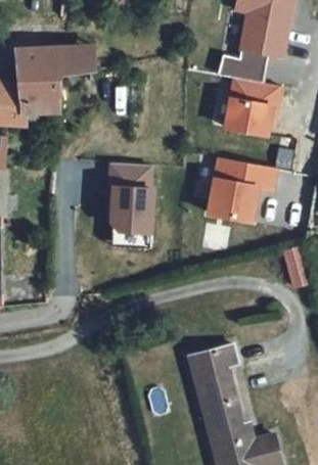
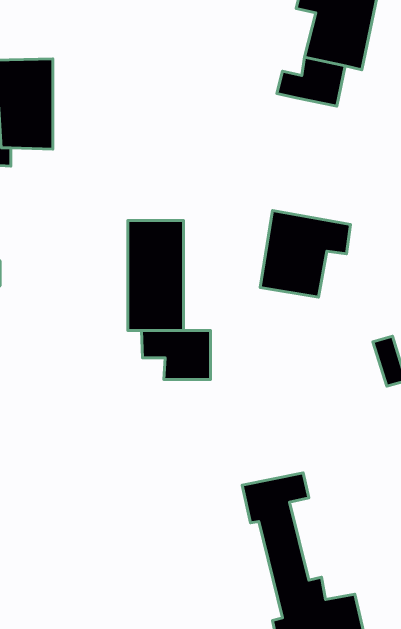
building: [55,45,93,72] -> none
building: [224,78,280,137] -> none
building: none -> [141,331,211,379]

